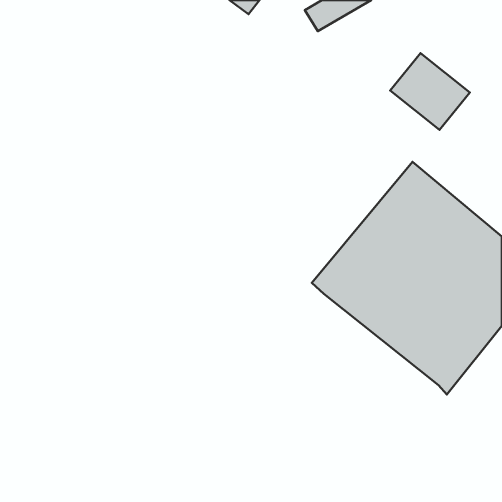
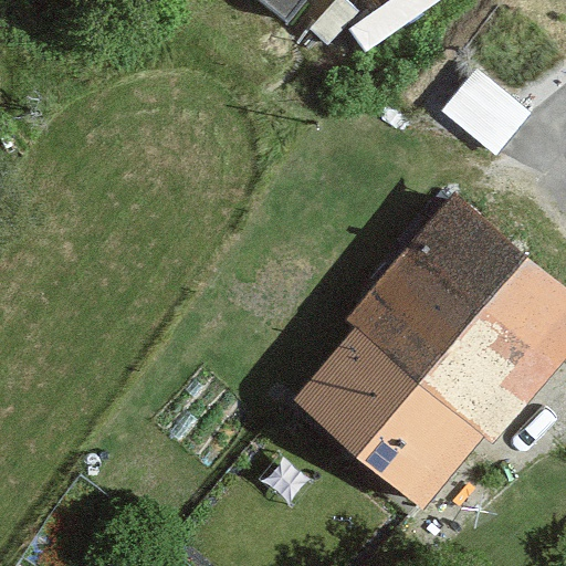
building: none -> [300,336,482,506]

